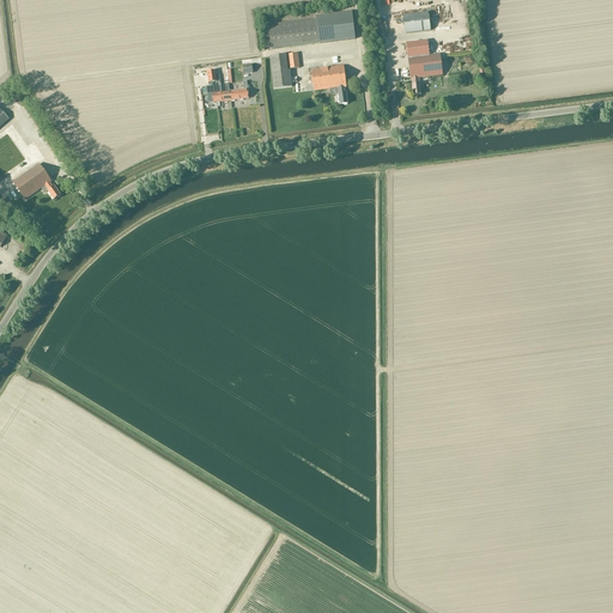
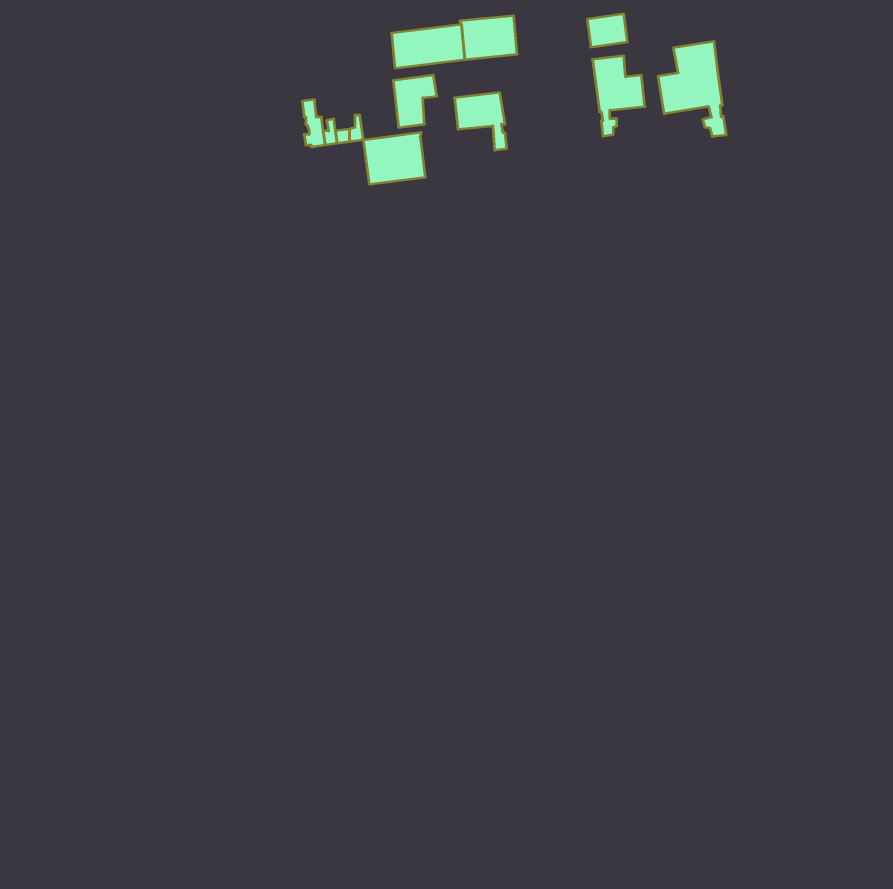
building: none -> [658,41,726,137]
building: none -> [363,132,425,184]
building: [12,162,60,198] -> none

